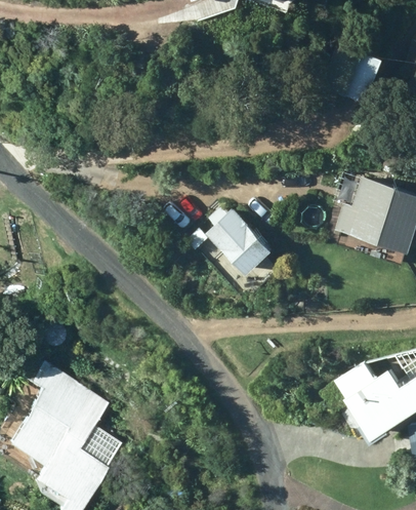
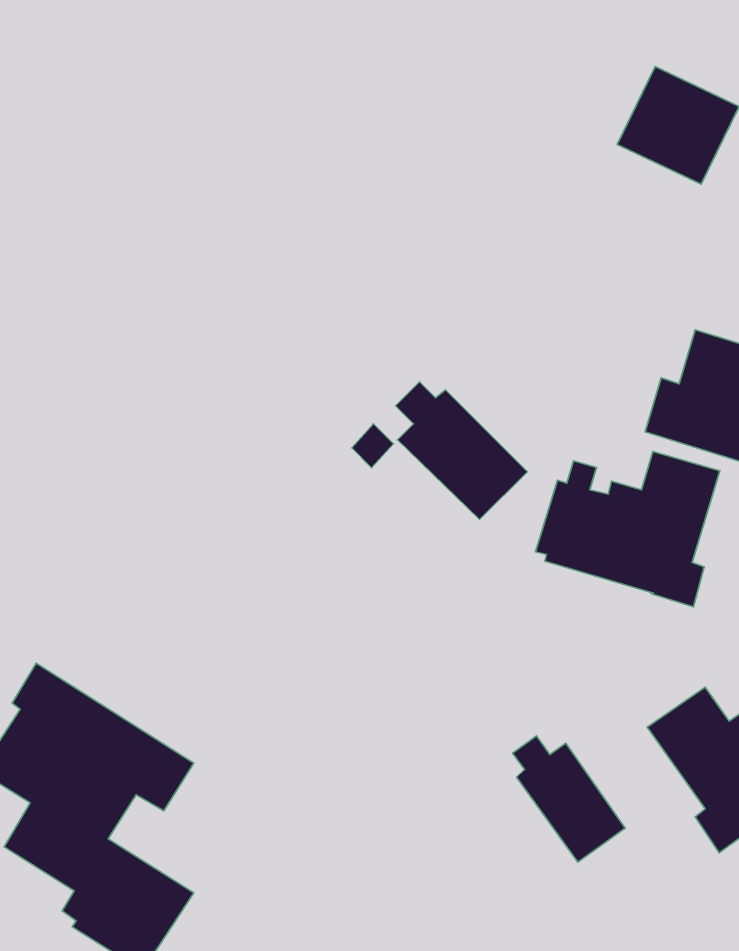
building: none -> [535,452,720,607]
building: none -> [513,736,625,862]

